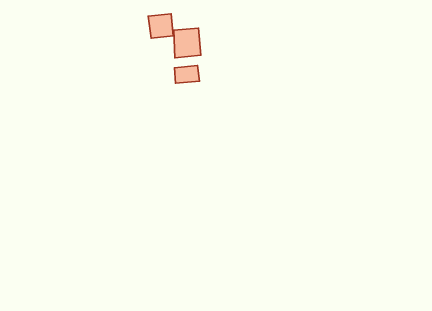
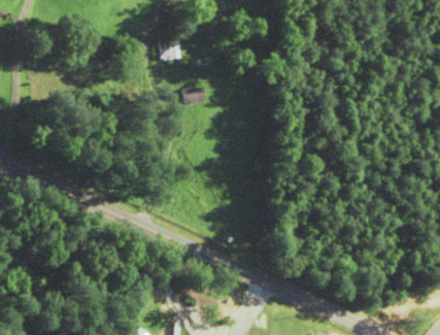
building: [174,28,201,58] -> none

